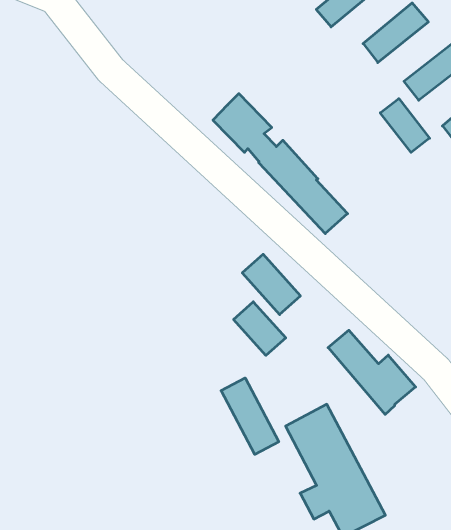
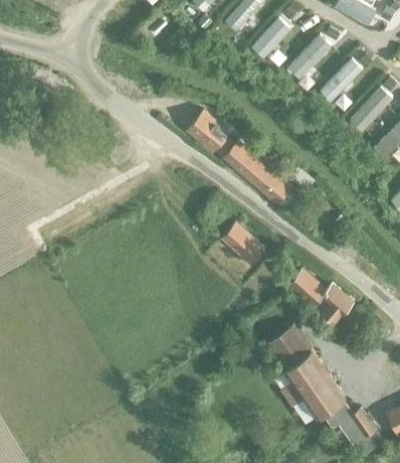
building: [380,99,430,152] -> none
building: [234,302,286,355] -> none
building: [221,378,279,454] -> none

